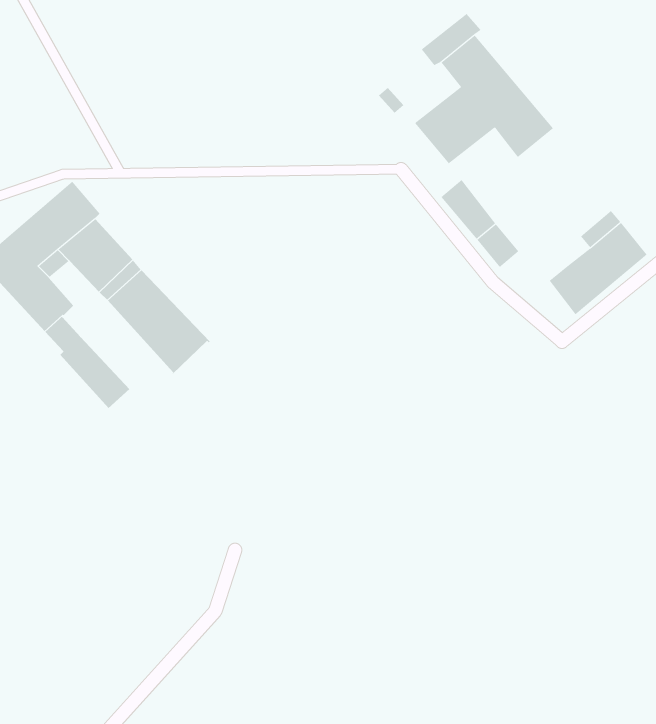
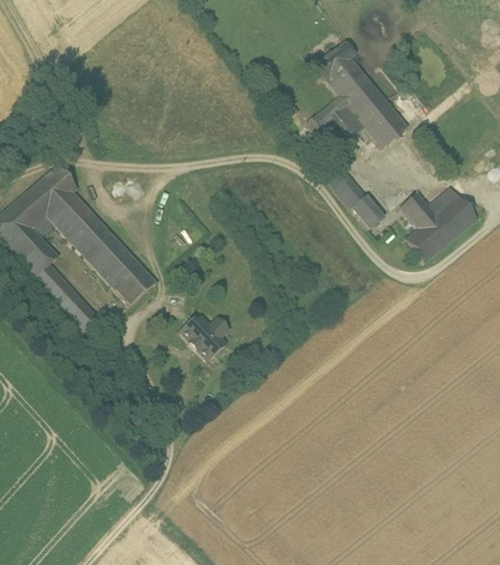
building: none -> [400,192,435,227]
building: none -> [181,317,228,359]

